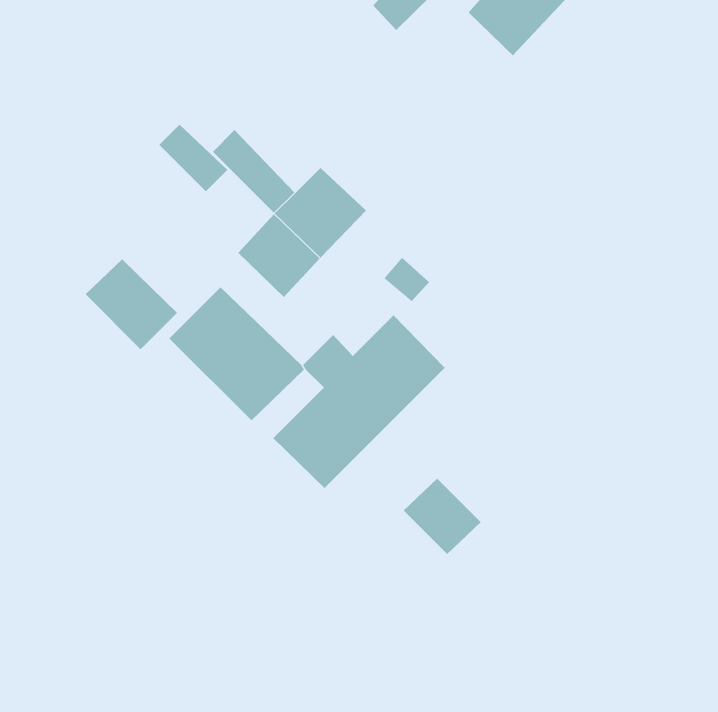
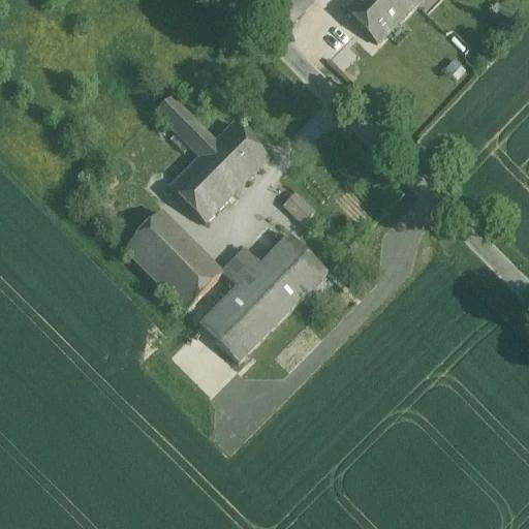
building: [159,124,228,192] -> none
building: [85,259,178,350] -> none
building: [403,478,482,555] -> none

